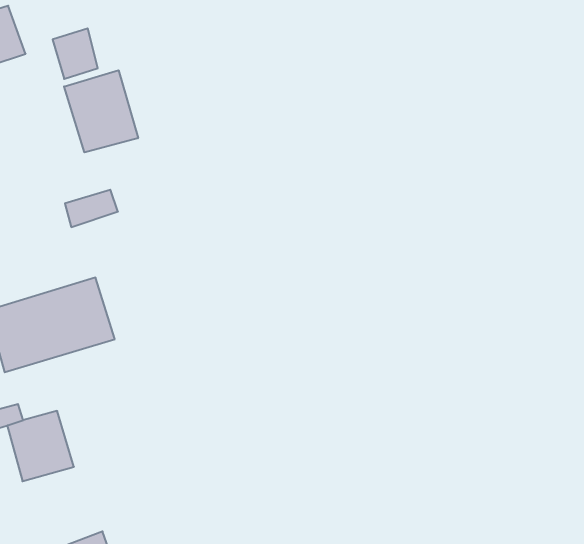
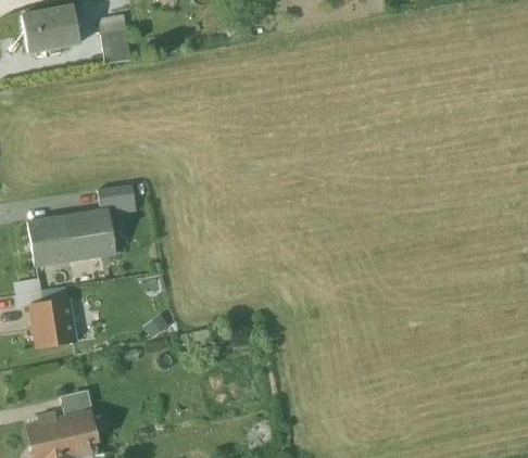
building: [64,70,138,152] -> none
building: [65,190,118,227] -> [99,185,136,207]

